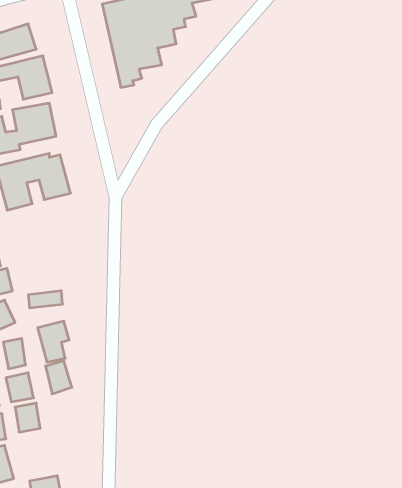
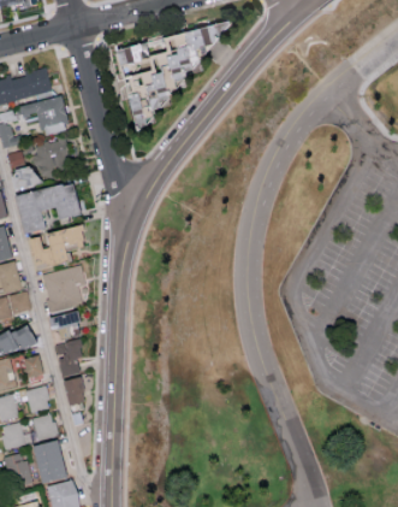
building: none -> [26,223,83,267]
building: none -> [41,264,85,312]
building: none -> [34,442,67,484]

